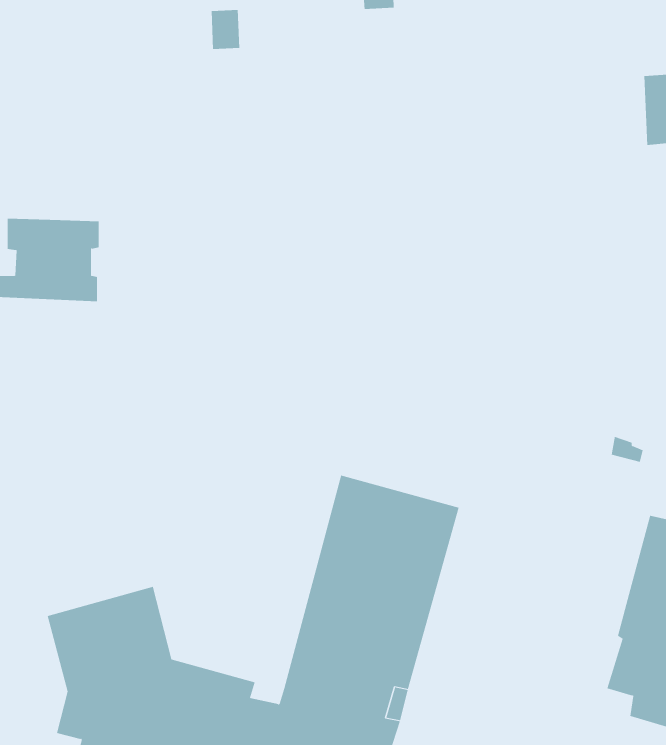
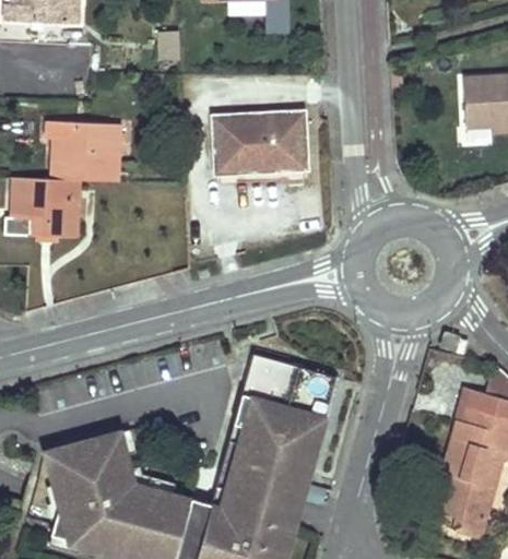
building: none -> [215,111,308,171]
building: none -> [48,121,122,182]

